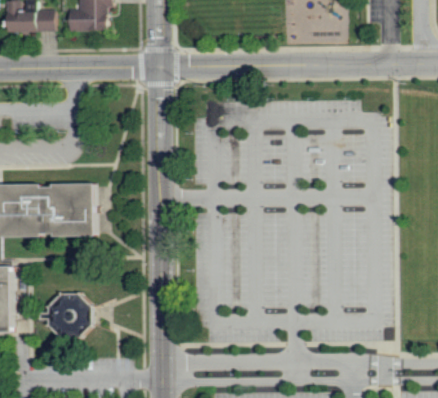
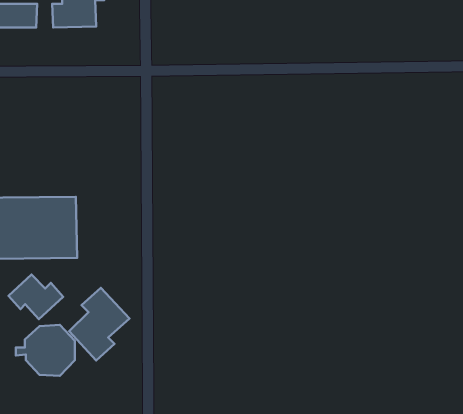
building: none -> [9,274,63,319]
building: none -> [69,288,129,360]

